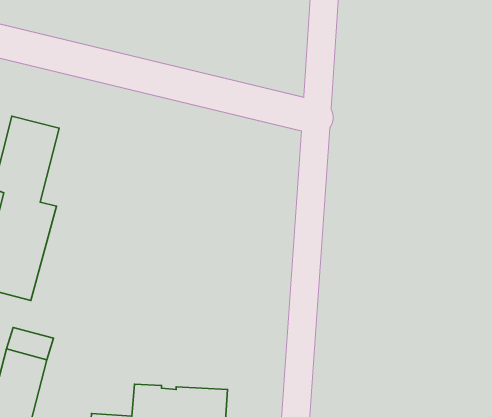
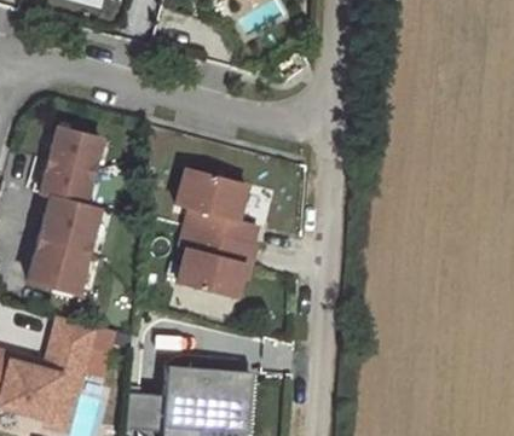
building: none -> [177,168,258,297]

